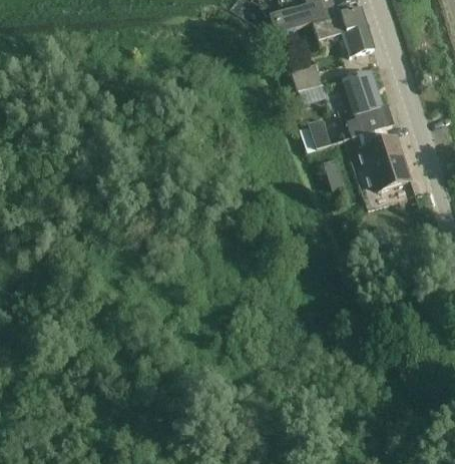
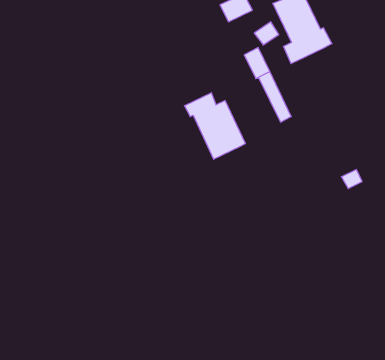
building: [356,125,409,188] -> [184,93,245,159]

